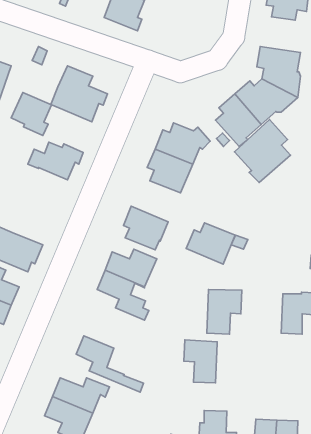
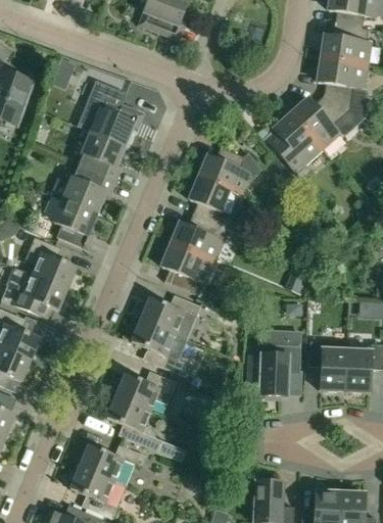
building: none -> [321,23,371,65]
building: [11,93,52,135] -> [78,132,125,182]
building: [235,119,291,183] -> none
building: none -> [53,199,96,249]
building: none -> [25,237,77,289]
building: [186,223,235,264] -> [171,215,228,263]
building: none -> [115,371,176,410]
building: [184,340,217,383] -> [308,342,347,392]

